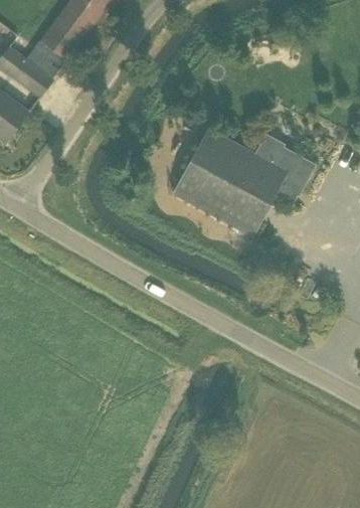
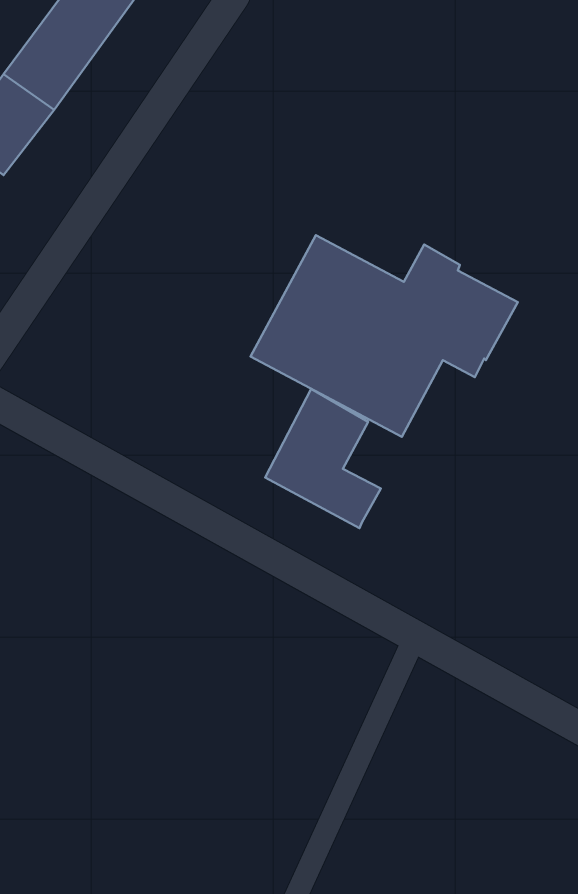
building: none -> [265,389,381,528]

